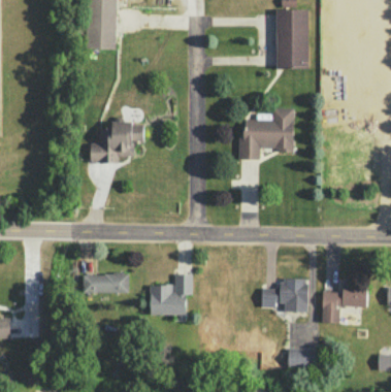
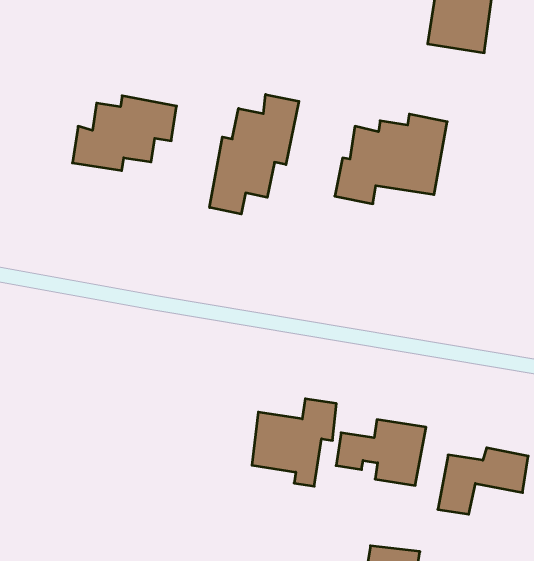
building: none -> [210,94,299,214]
building: [84,273,129,293] -> none
building: [150,273,193,321] -> [252,399,336,486]

